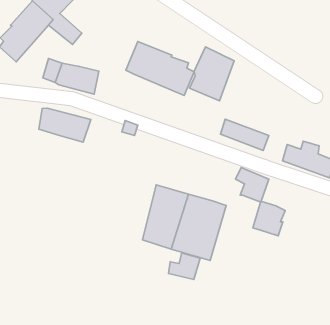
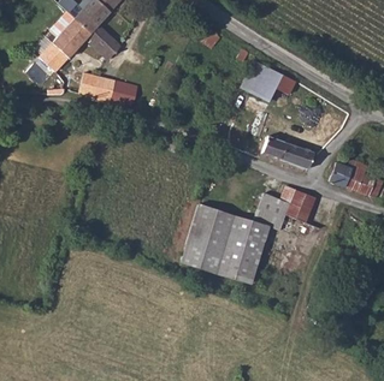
building: [126,41,194,95] -> none
building: [39,108,91,142] -> none
building: [253,201,285,236] -> [256,194,290,230]
building: [168,252,200,279] -> none

